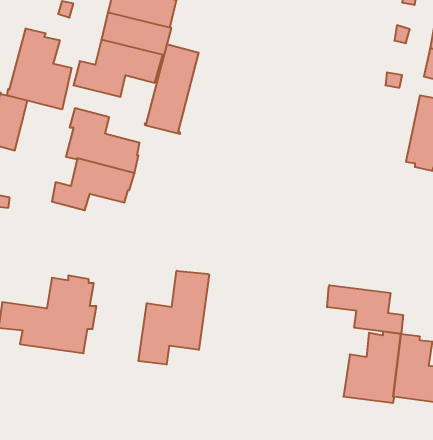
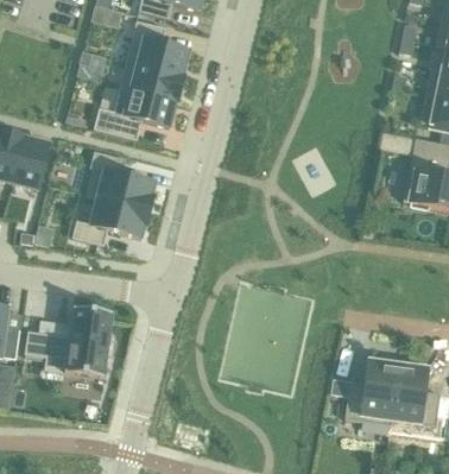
building: [7,28,72,109] -> none
building: [145,44,199,134] -> none
building: [138,271,209,365] -> none
building: [327,285,403,334] -> none

